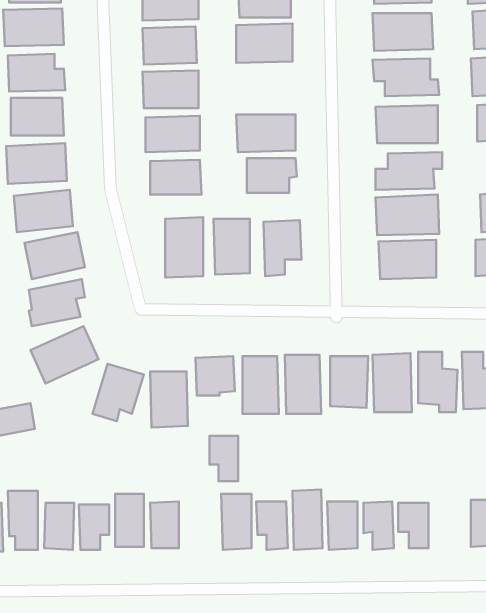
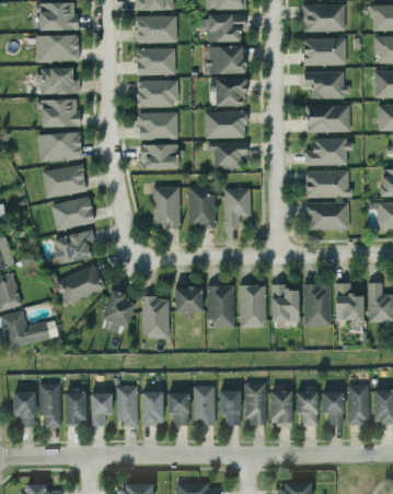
building: none -> [209,78,246,106]
building: [210,436,238,481] -> [167,393,188,426]
building: none -> [347,385,369,425]

